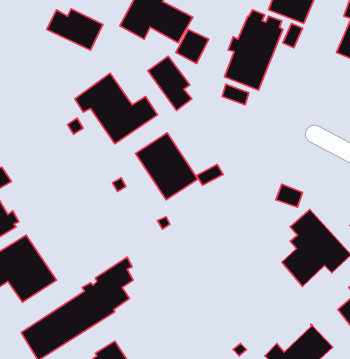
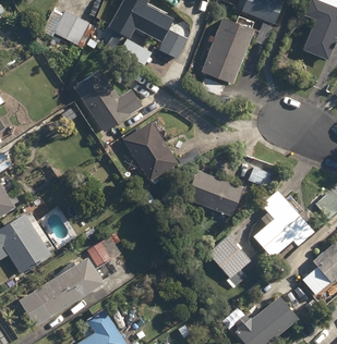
building: [148,56,192,111] -> none
building: none -> [185,171,242,217]
building: none -> [207,235,250,279]

